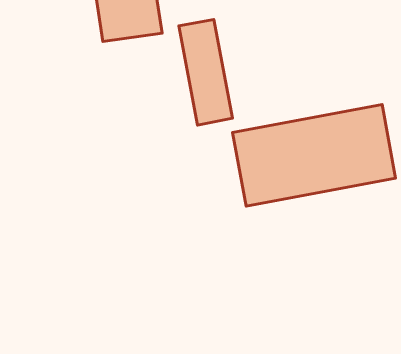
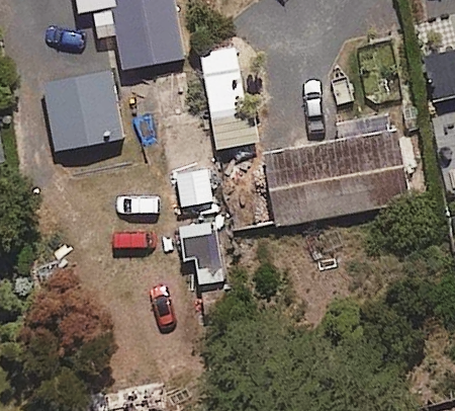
building: none -> [42,73,121,150]

